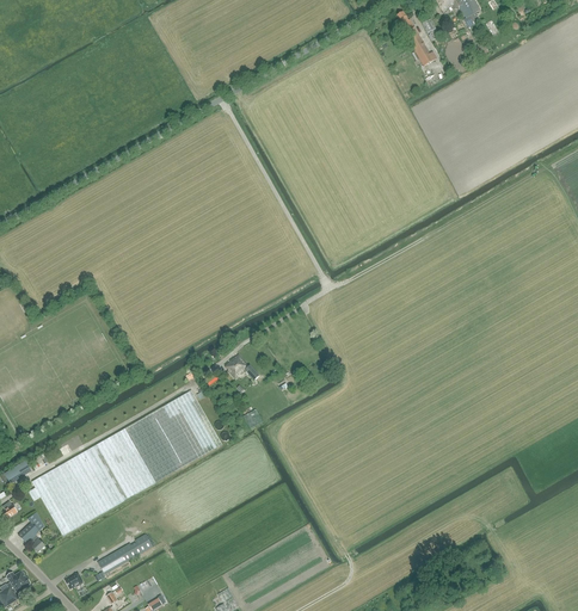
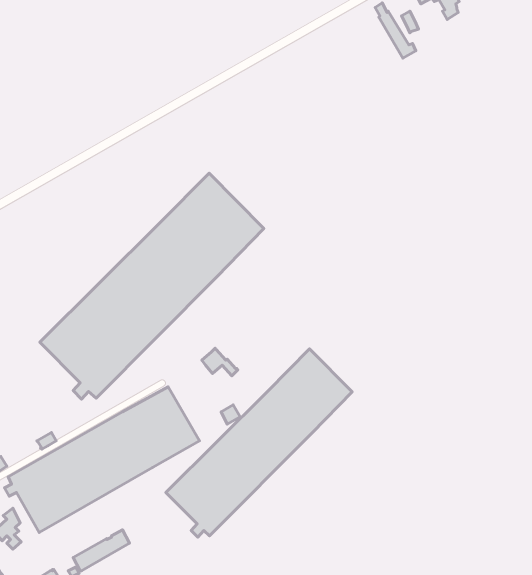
building: none -> [40,173,264,399]
building: none -> [166,349,352,537]

